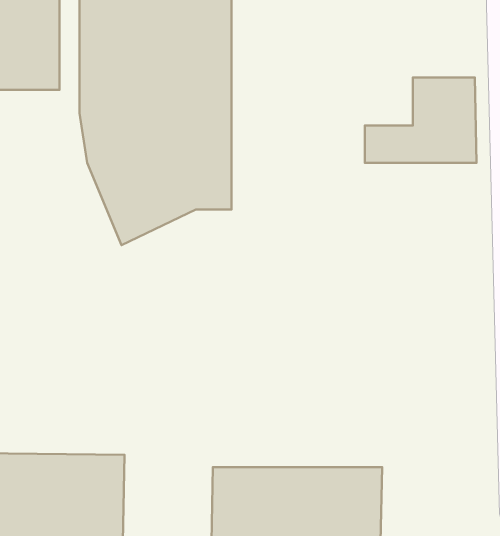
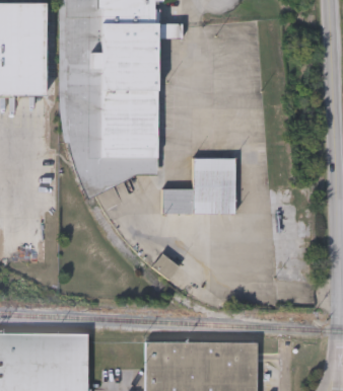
building: [365,77,477,163] -> [162,159,235,215]

